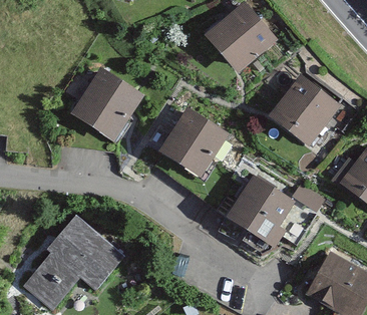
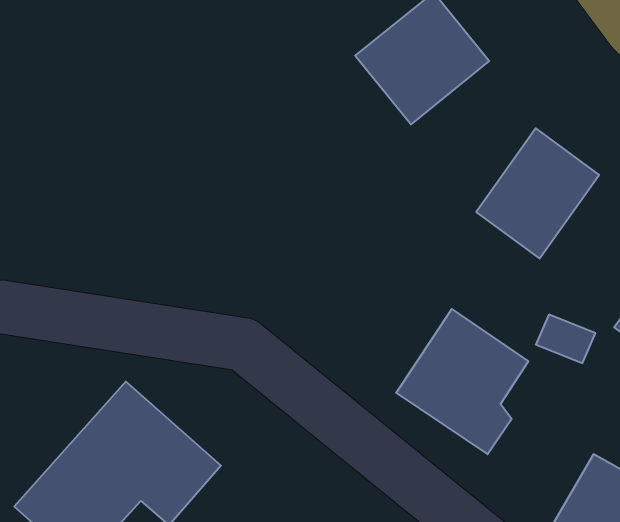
building: [71,66,145,143] -> none
building: [157,107,230,181] -> none

